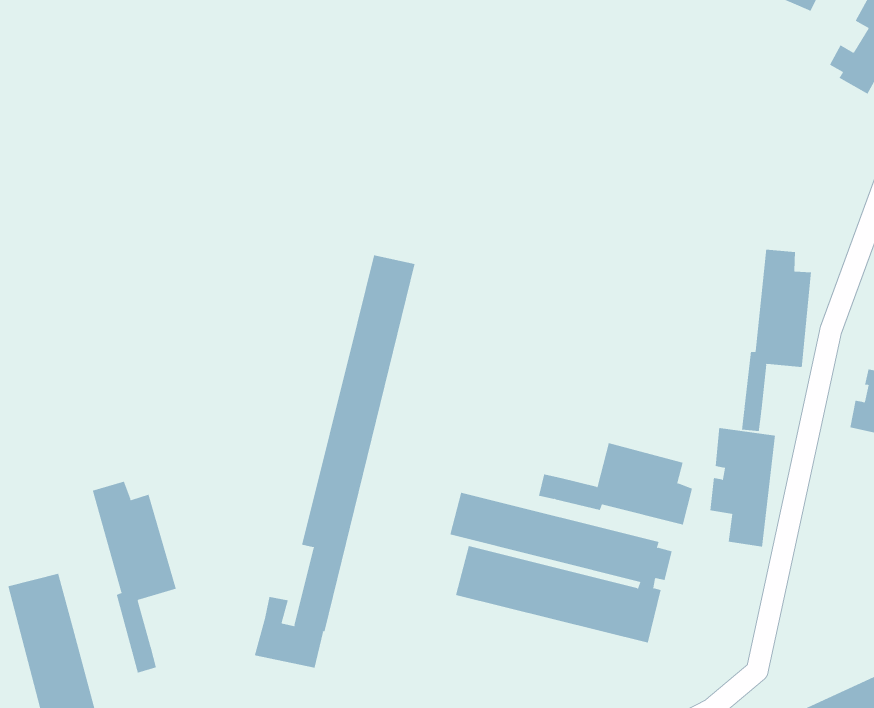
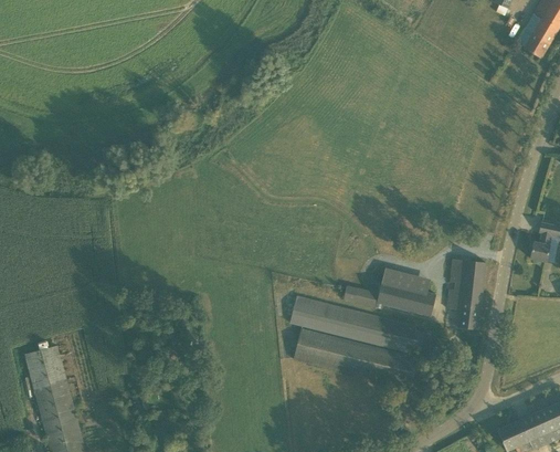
building: [741,249,811,432] -> none
building: [254,254,415,669] -> none
building: [92,481,177,674] -> none

